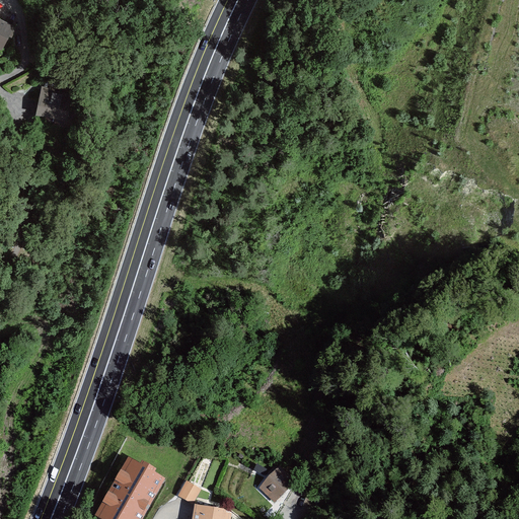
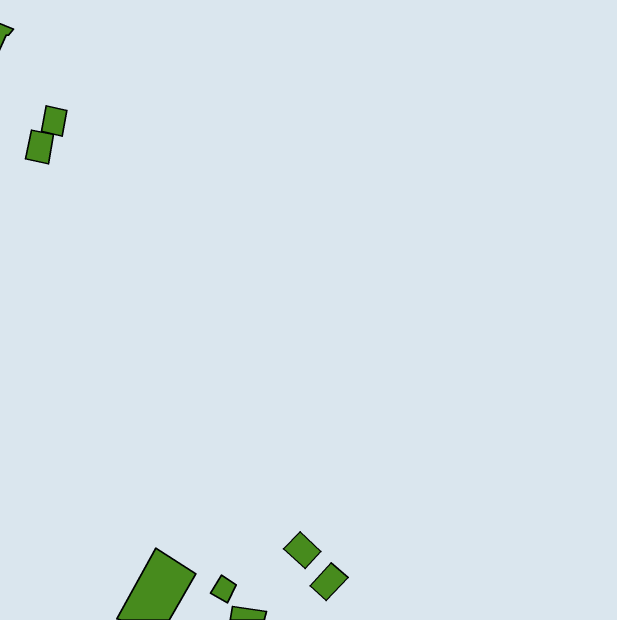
building: none -> [25,130,54,164]
building: none -> [283,532,321,569]

